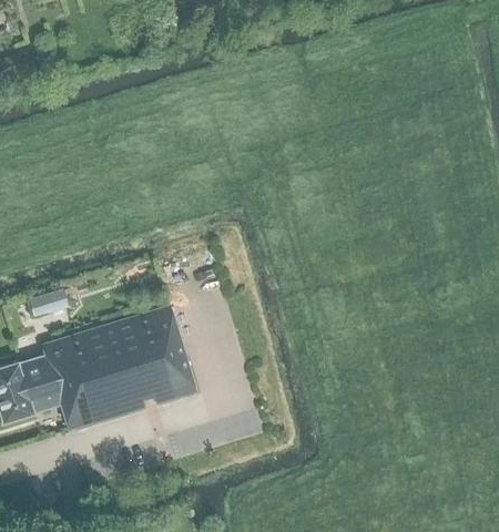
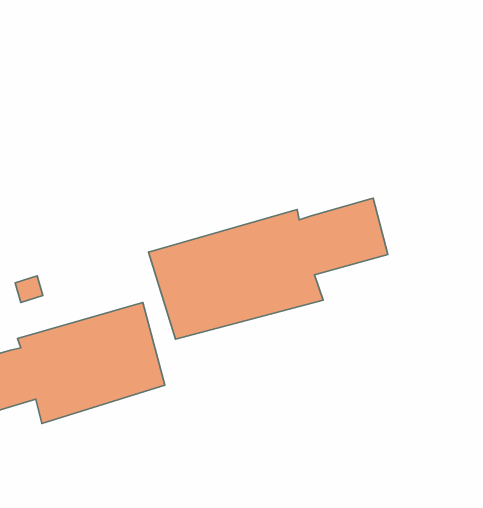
building: none -> [149,198,388,339]

